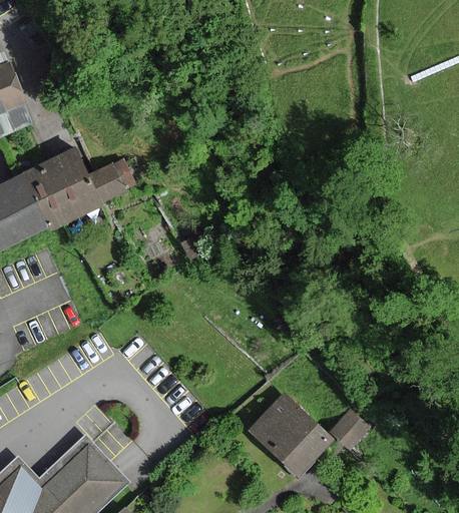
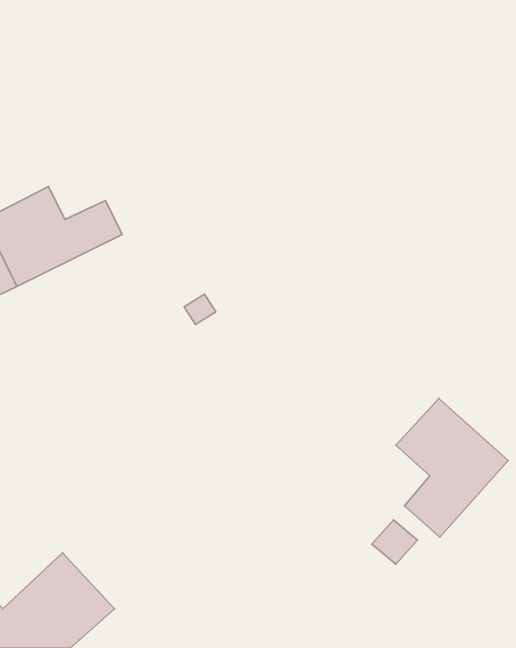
building: none -> [396,399,508,537]
building: [249,395,331,476] -> none

